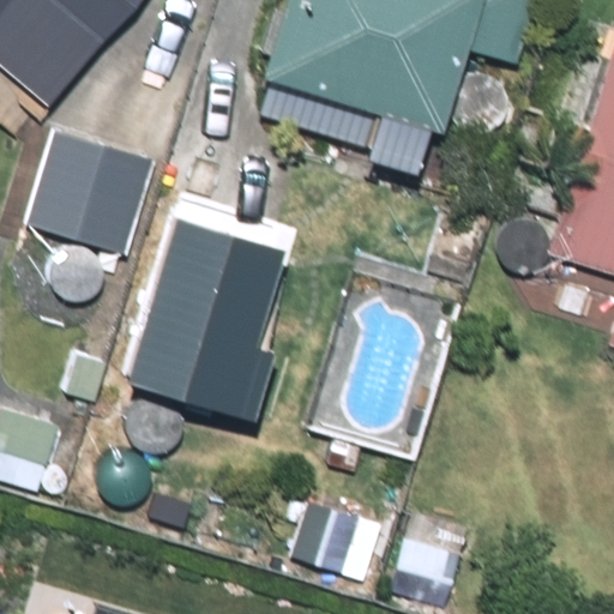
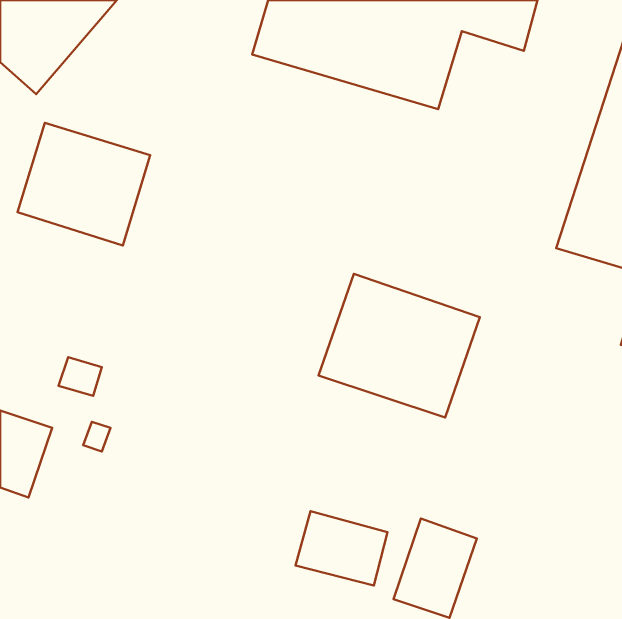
building: [119,201,281,405] -> none
building: none -> [318,274,480,417]

